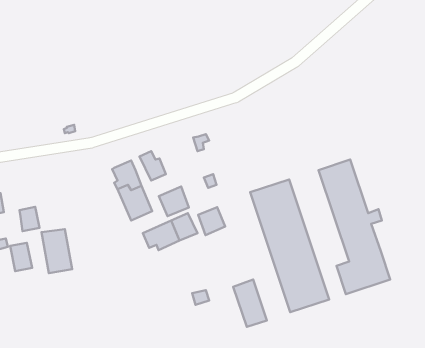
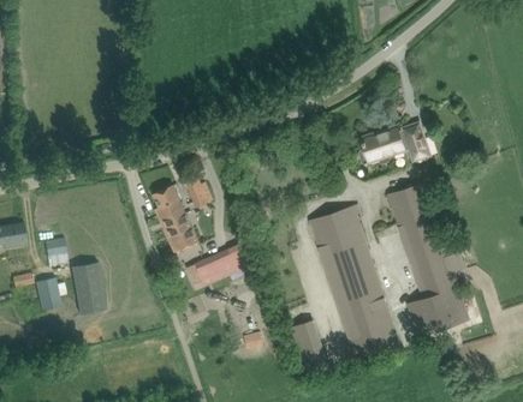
building: none -> [357,122,430,167]
building: [159,187,189,216] -> none
building: [198,207,225,235] -> none

